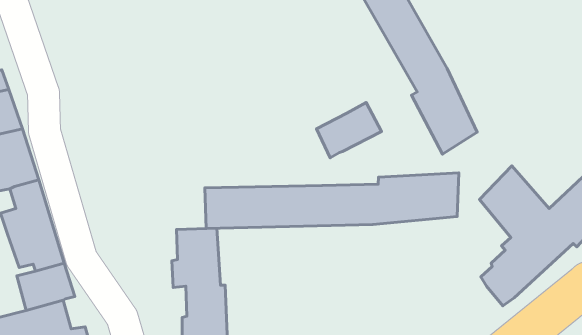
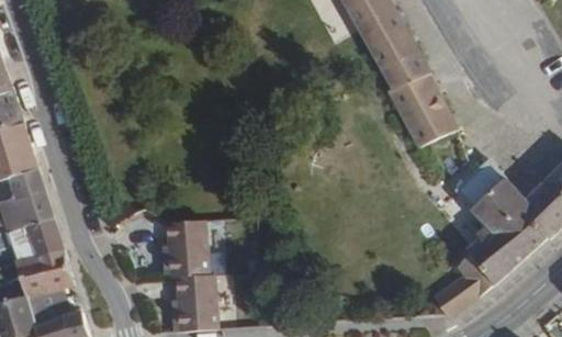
building: [316,103,382,158] -> none
building: [205,173,459,229] -> none
building: none -> [431,273,479,313]

